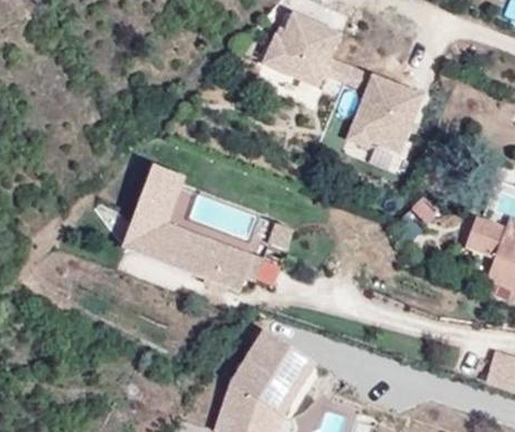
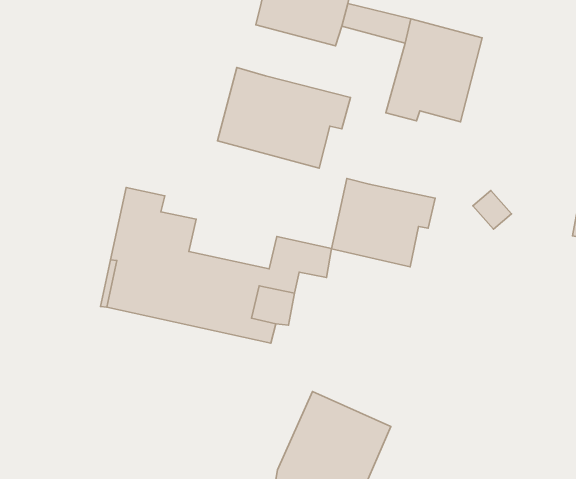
building: none -> [218,68,350,168]
building: none -> [331,179,435,267]

